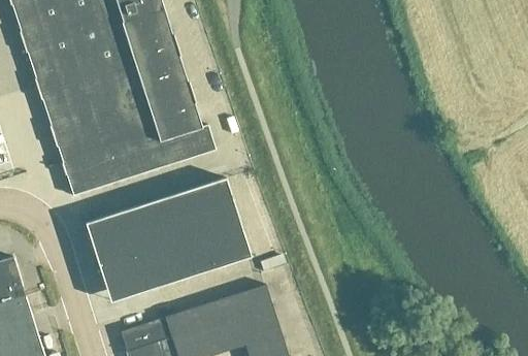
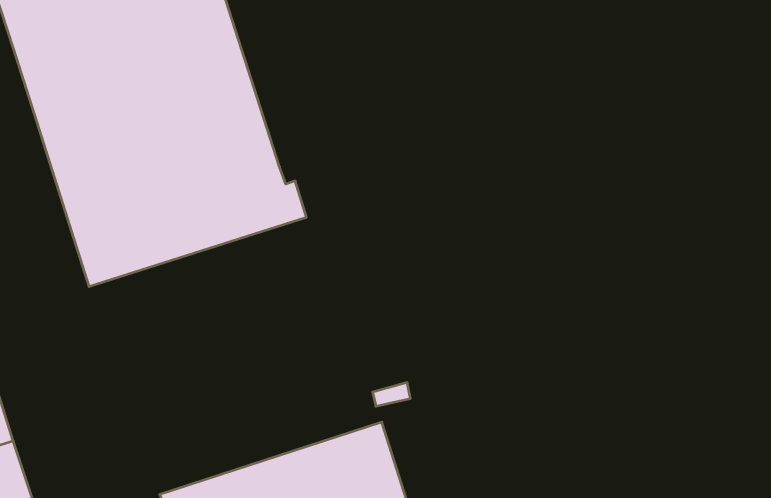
building: [85,179,251,302] -> none

